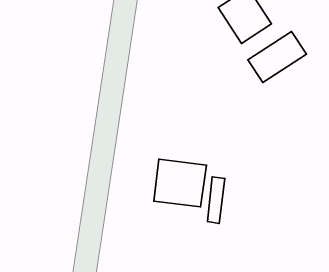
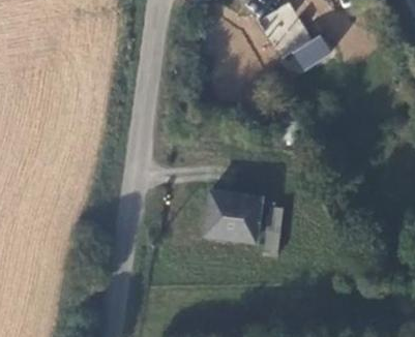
building: [248,31,306,83] -> none

